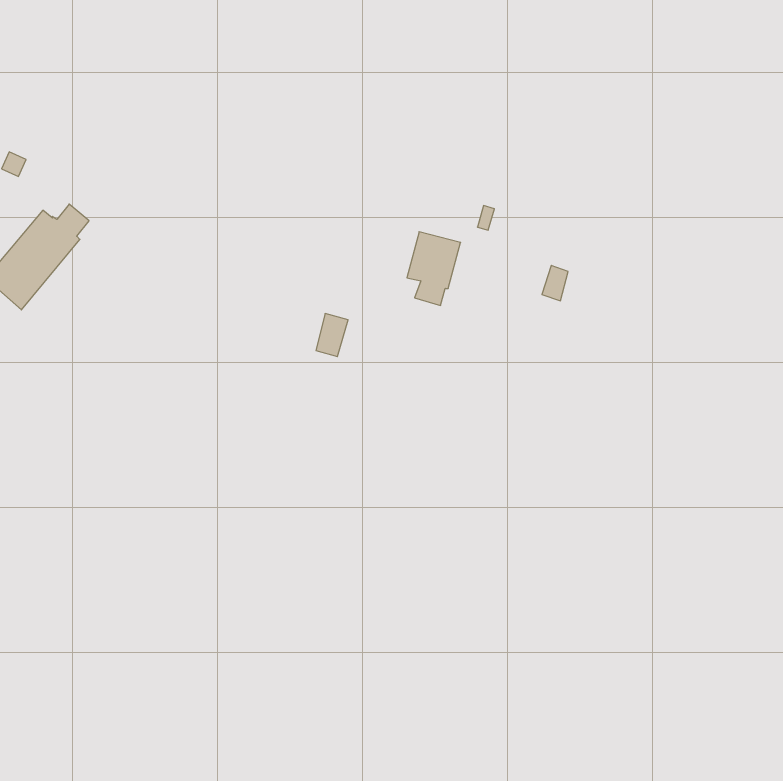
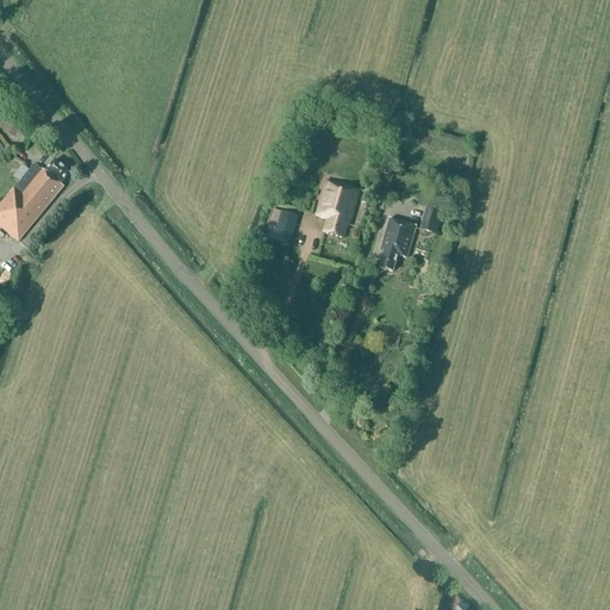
building: none -> [378,218,415,270]
building: [316,314,348,357] -> [272,211,297,244]

